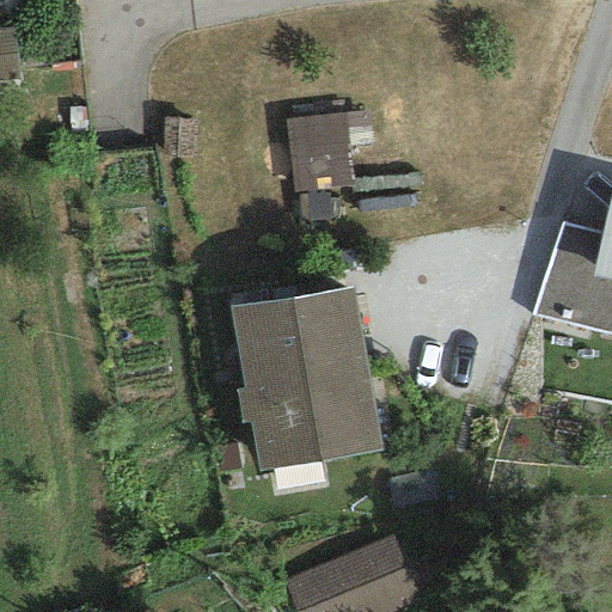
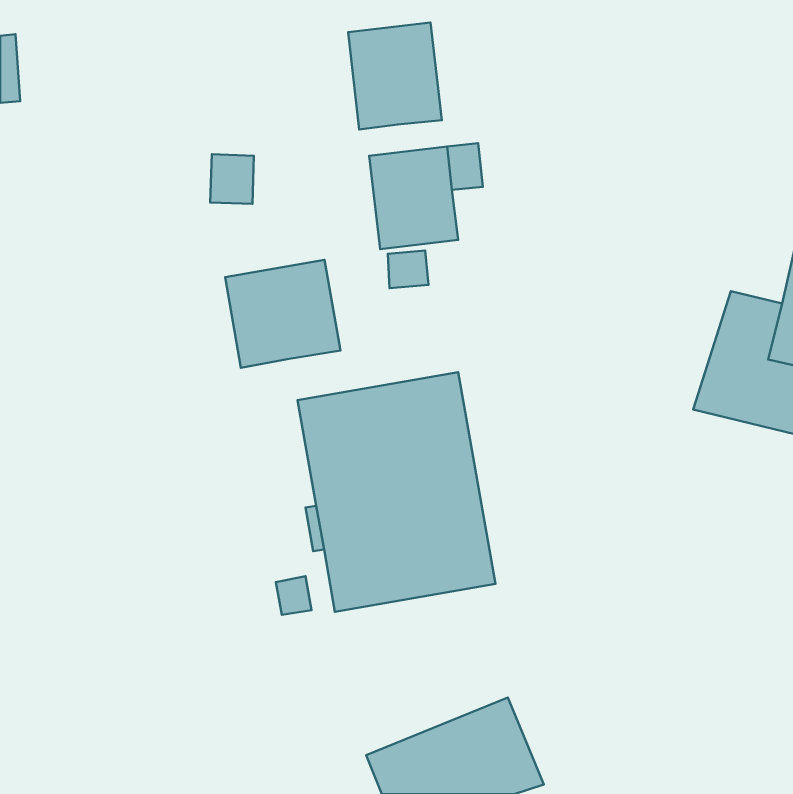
building: none -> [348,23,442,130]
building: none -> [225,260,340,368]

